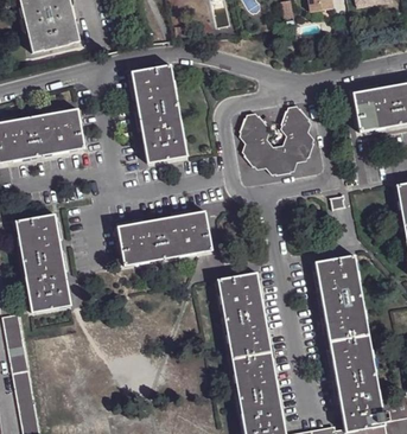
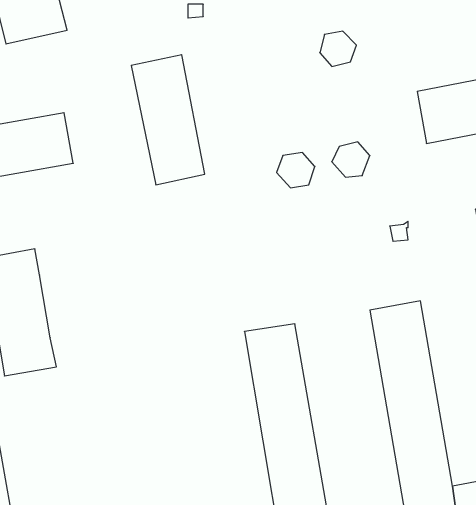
building: [282,108,311,135] -> [320,31,356,66]
building: [240,116,268,142] -> none
building: [268,147,297,175] -> none
building: [117,211,214,267] -> none

